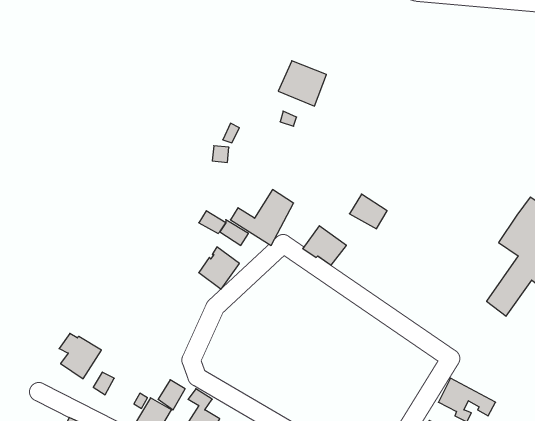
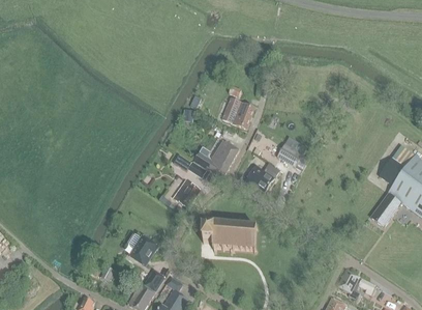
building: [278,61,326,106] -> [221,96,254,128]
building: none -> [203,219,258,251]
building: [59,333,101,379] -> [128,233,157,264]

